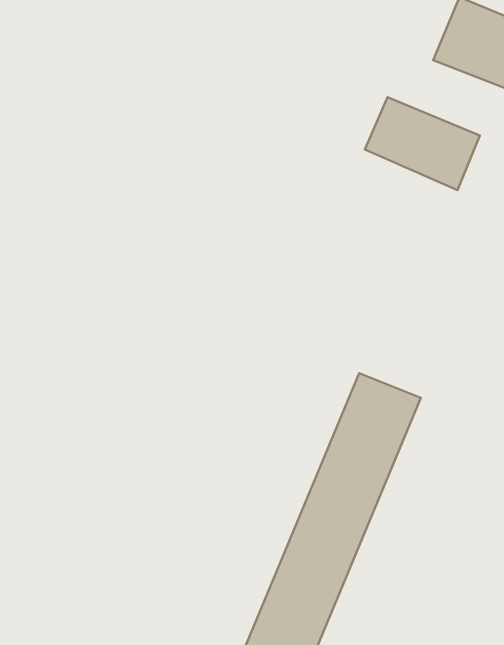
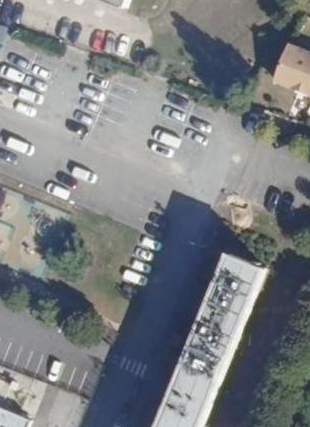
building: [365,97,480,190] -> none

